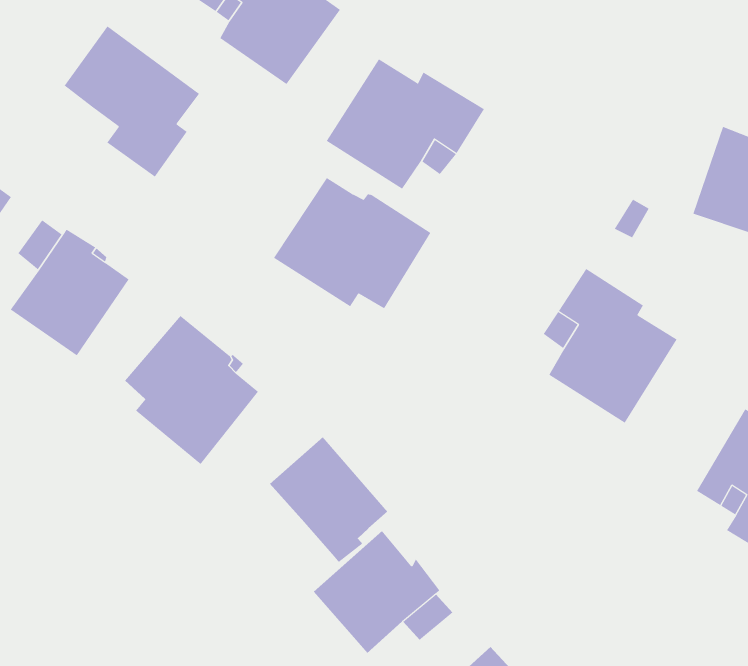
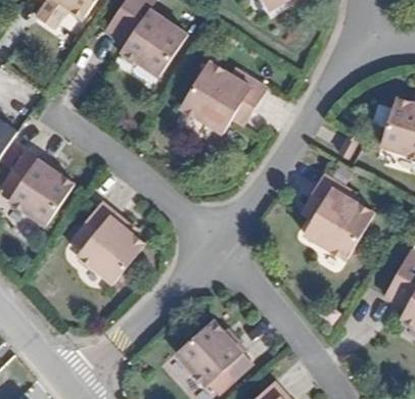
building: [64,26,200,177] -> none
building: [273,177,431,309] -> none
building: [269,436,388,563] -> none

